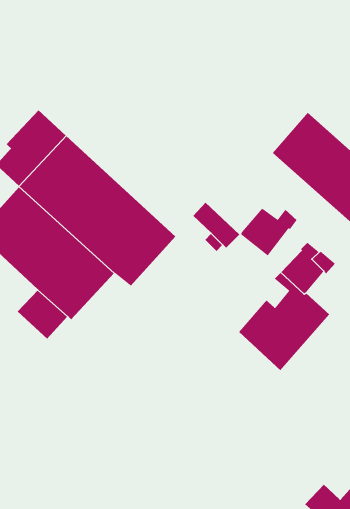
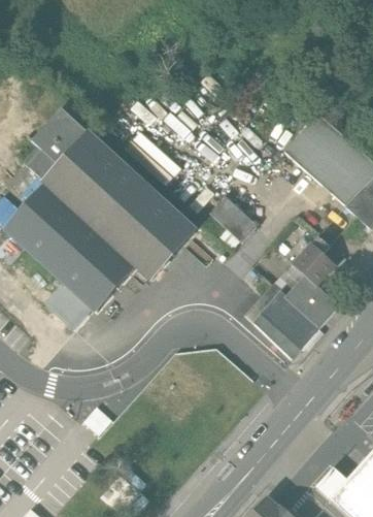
building: [240,208,298,256] -> none

